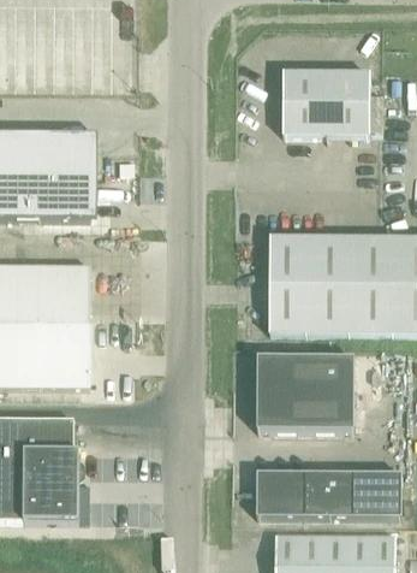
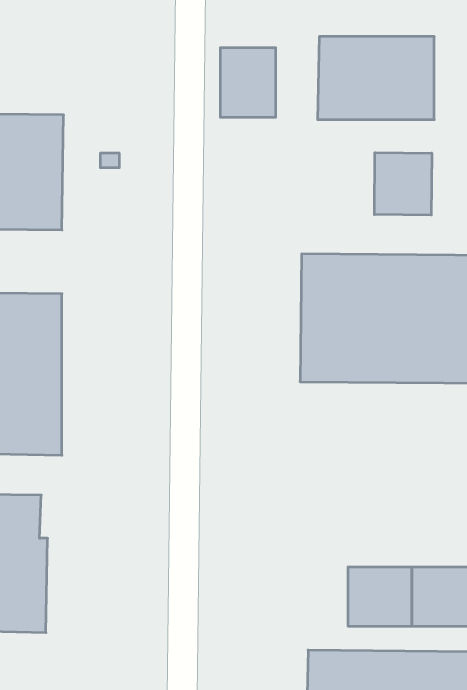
building: none -> [220,48,276,117]
building: none -> [374,153,432,215]
building: [256,356,353,431] -> none
building: [255,472,304,516] -> none

